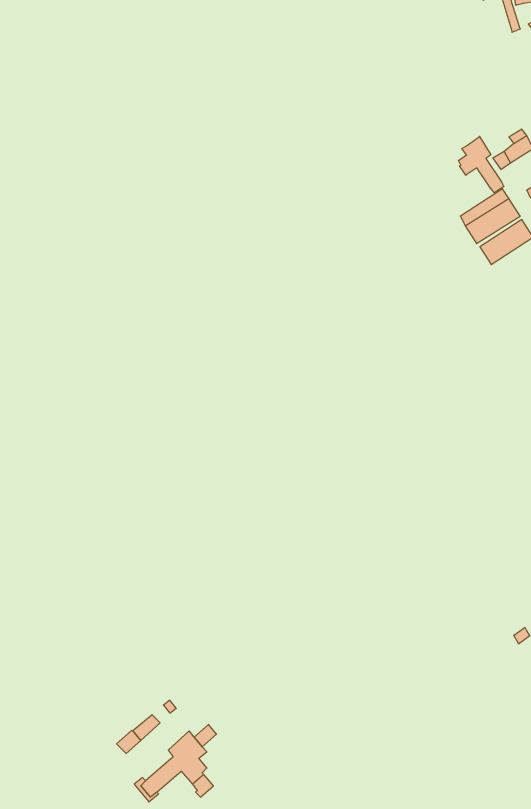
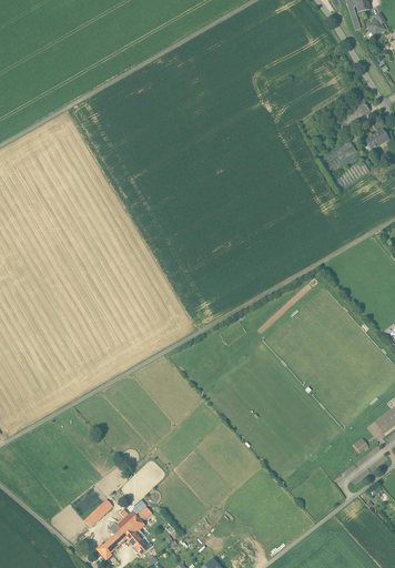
building: [458,136,504,193] -> none

